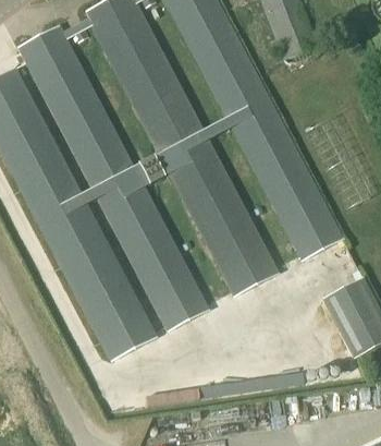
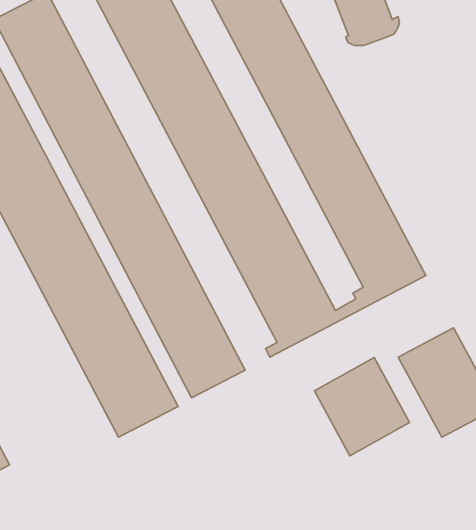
building: none -> [314,357,410,456]

